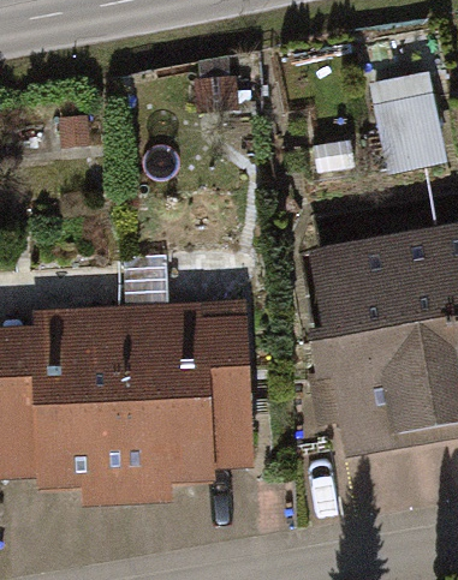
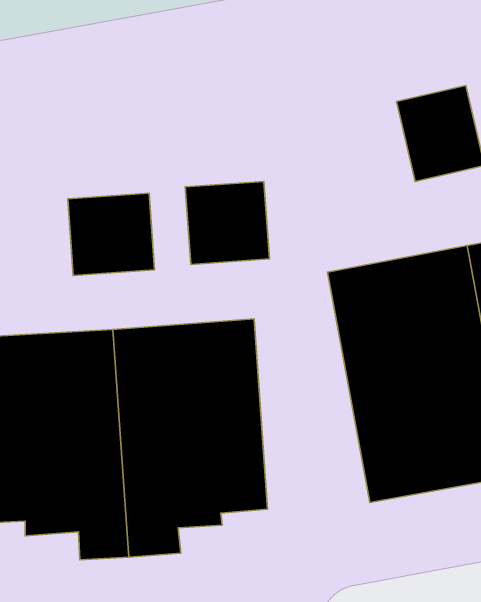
building: none -> [185,181,269,264]
building: none -> [68,193,154,276]

